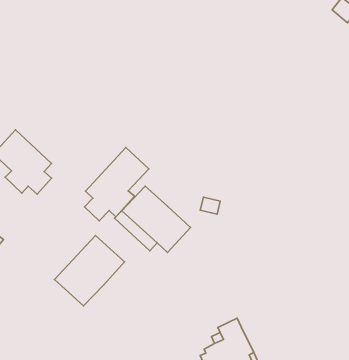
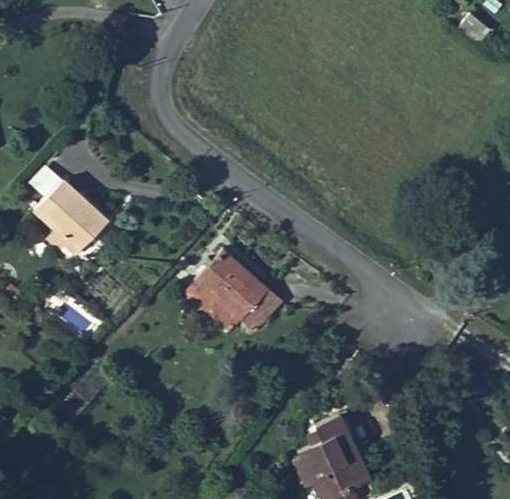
building: [85,148,149,221] -> none
building: [55,235,125,306] -> none

